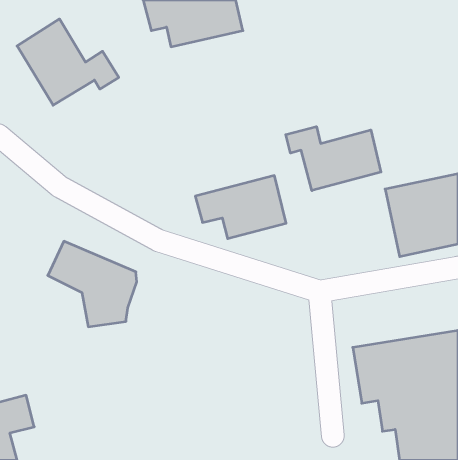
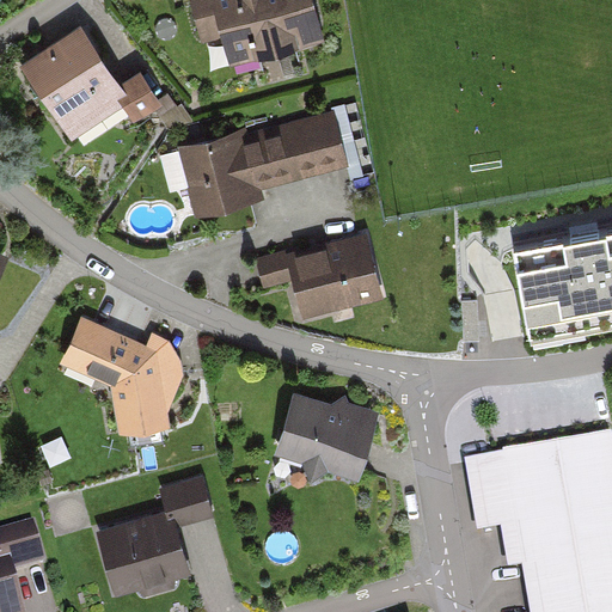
building: none -> [180,115,348,213]
building: [286,127,381,191] -> none
building: none -> [279,390,375,476]
building: none -> [99,478,209,596]

